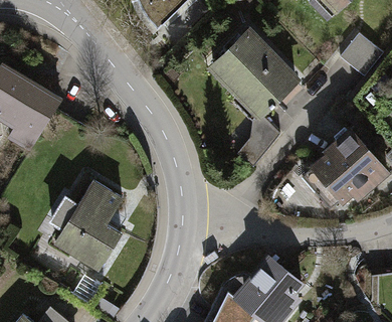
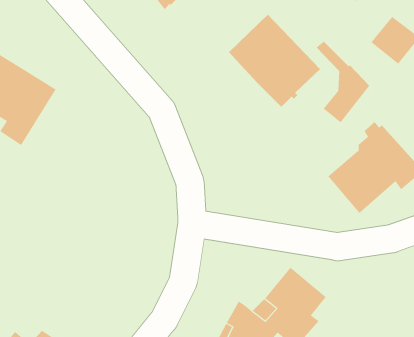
building: [232,94,280,167] -> [316,41,370,123]
building: [52,181,123,270] -> none

